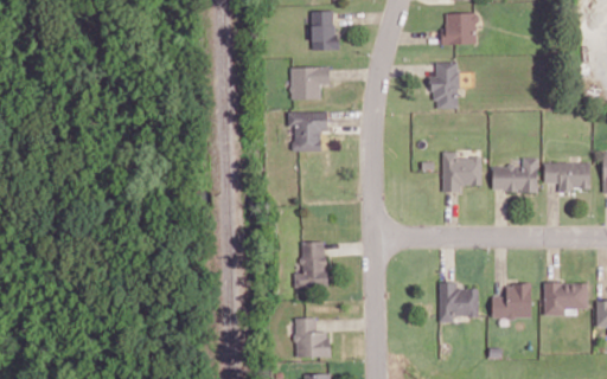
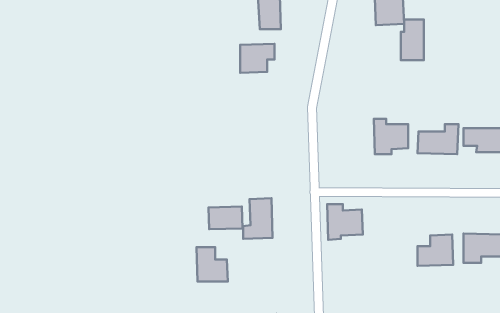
building: [433,62,459,108] -> [401,19,424,60]
building: [288,111,328,152] -> none
building: none -> [208,207,242,229]
building: [439,282,479,322] -> [327,204,363,240]
building: [295,317,331,356] -> [196,247,228,281]

